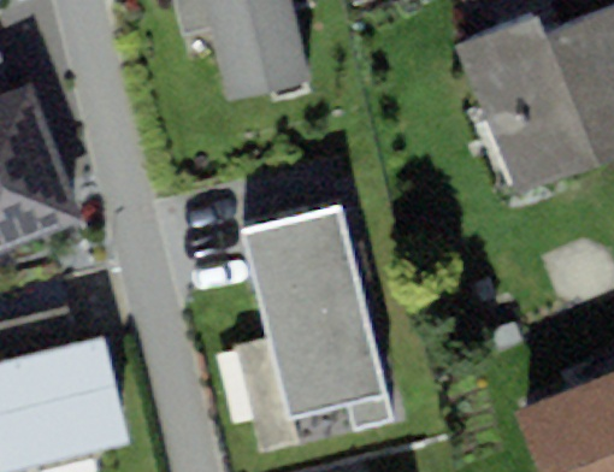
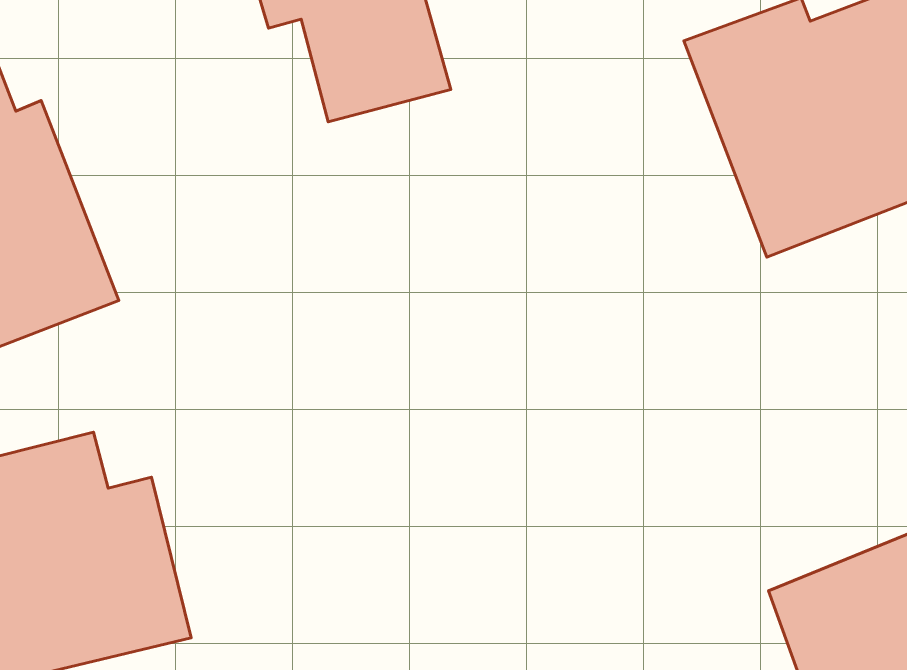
building: [242,210,390,429] -> none

